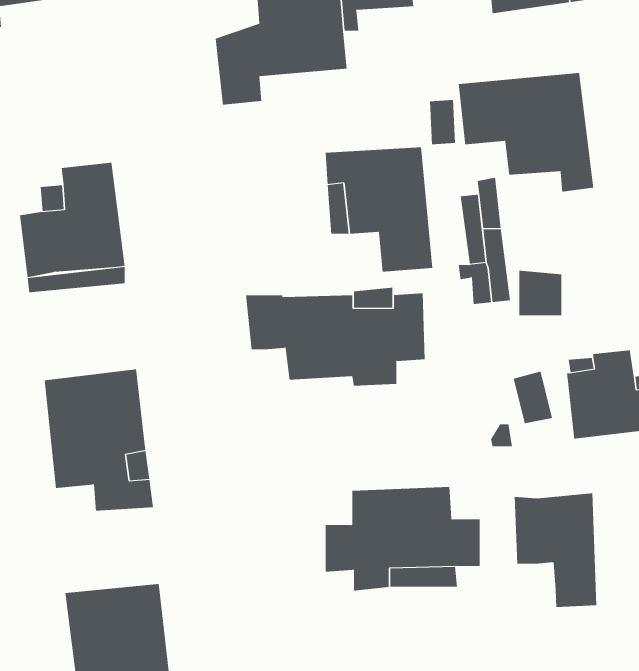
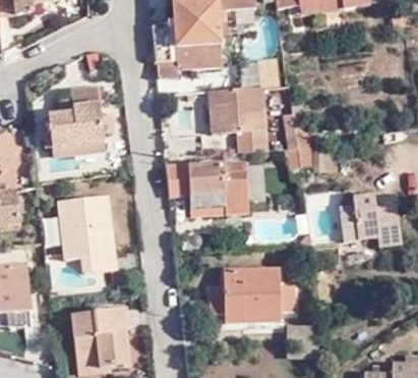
building: none -> [156,41,224,78]
building: [458,72,594,192] -> none
building: [514,493,597,608] -> none

